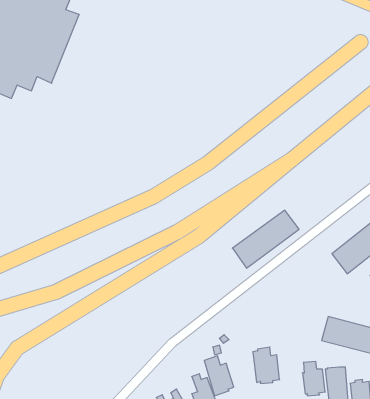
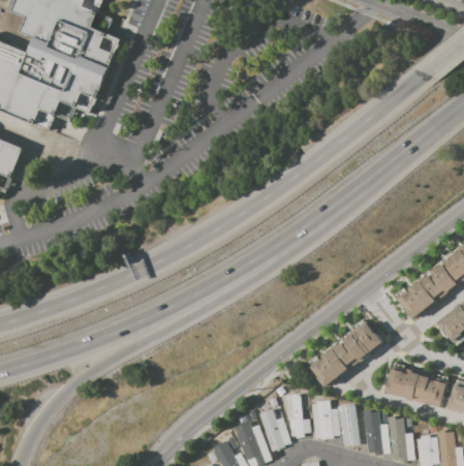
building: [232,210,299,268] -> [309,322,381,385]
building: none -> [284,393,310,438]
building: none -> [341,413,364,446]

